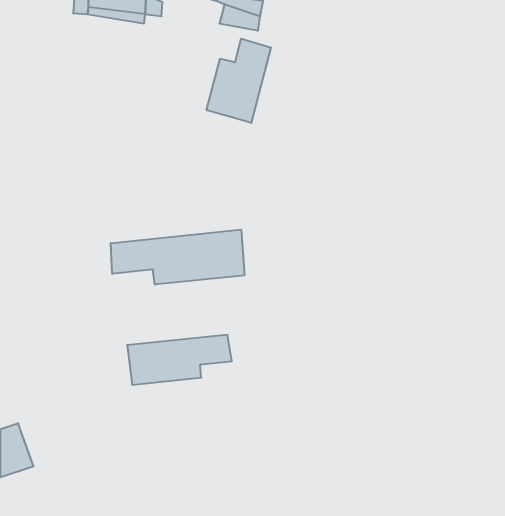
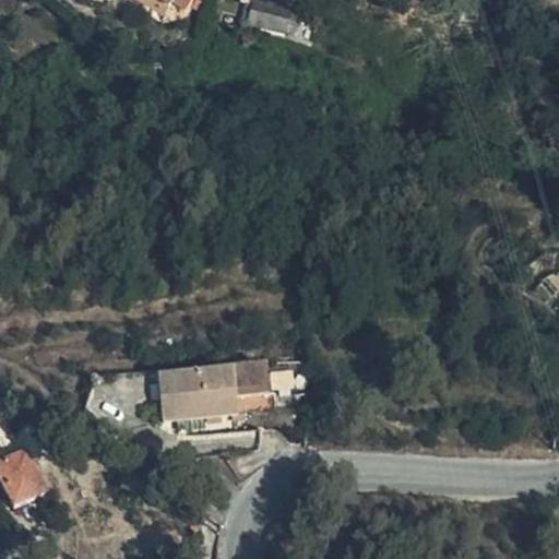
building: [207,39,271,123] -> none
building: [111,230,244,285] -> none

